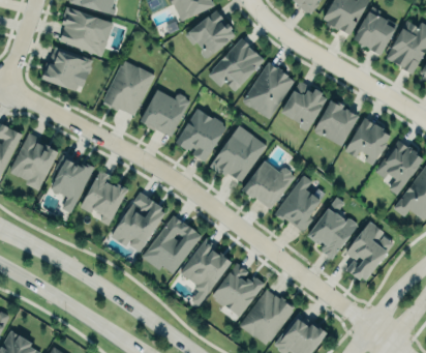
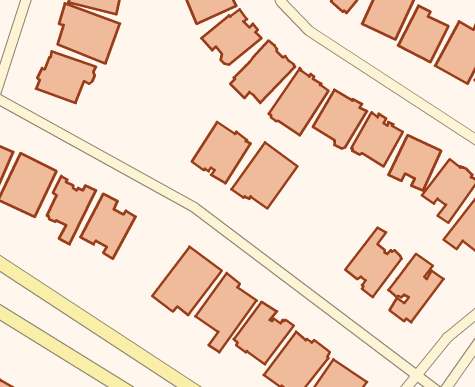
building: [102,60,155,116] -> none
building: [141,89,190,136] -> none
building: [243,160,295,209] -> none
building: [274,175,321,232] -> none
building: [111,192,164,252] -> none

